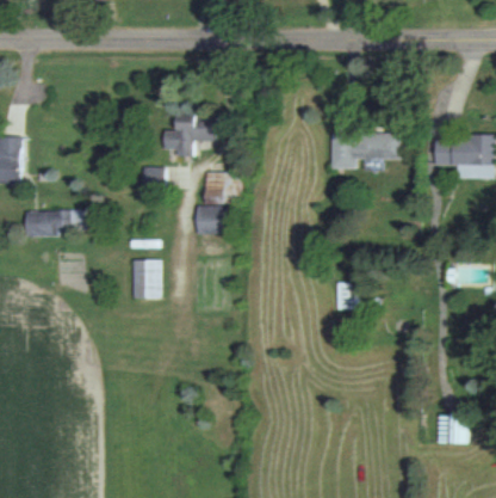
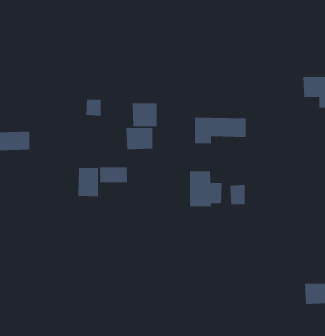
building: [163,116,215,156] -> none
building: [330,133,401,168] -> [194,117,247,144]
building: none -> [99,166,128,183]
building: none -> [189,170,222,207]

